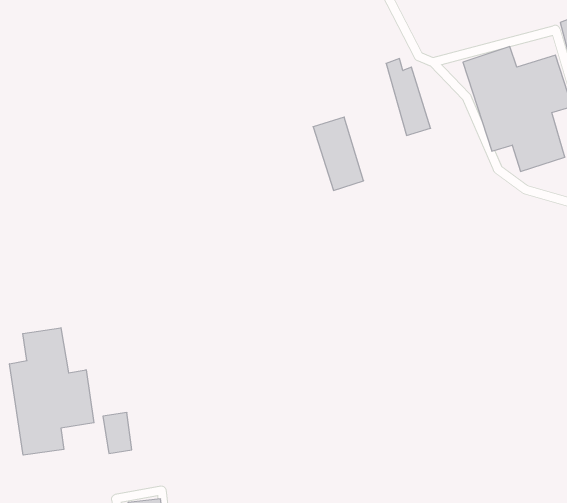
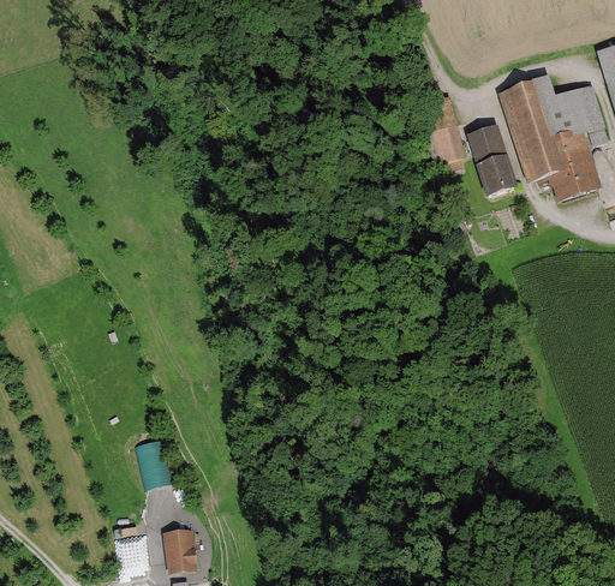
building: [313,117,364,190] -> [465,121,515,195]
building: [10,328,94,455] -> none

